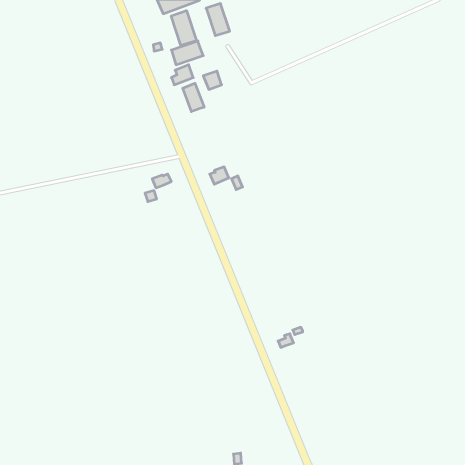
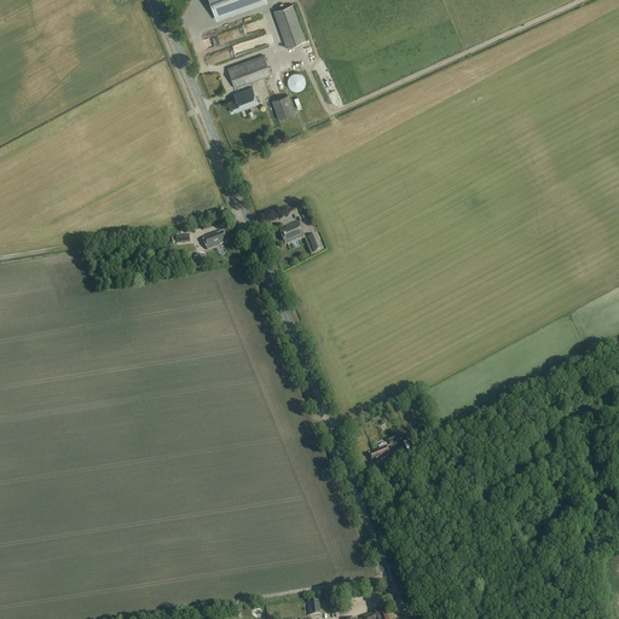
building: [171,11,196,46] -> none
building: [183,83,204,112] -> none

